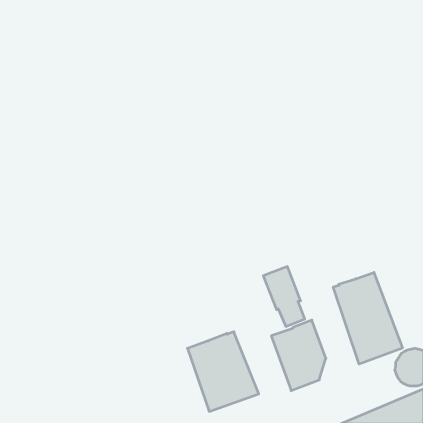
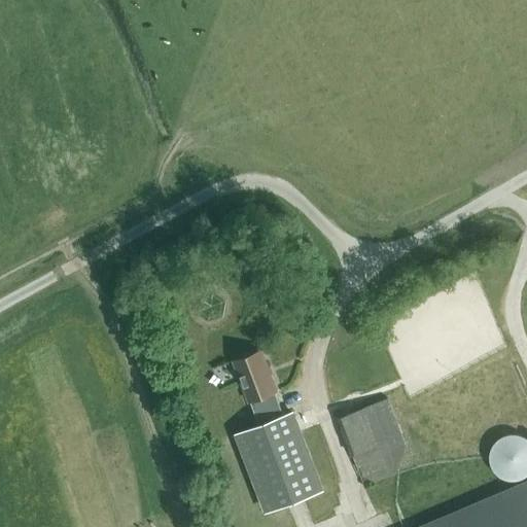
building: [263,267,305,326] -> [232,350,283,424]
building: [333,272,402,364] -> none

